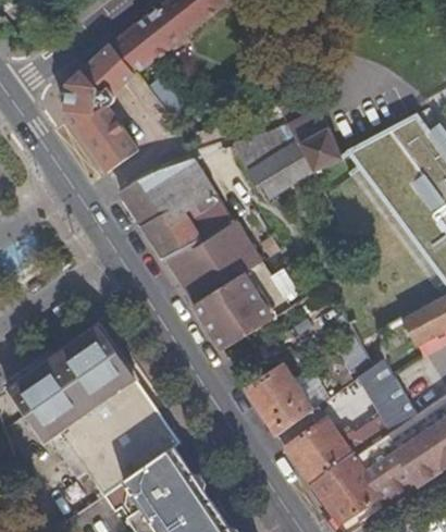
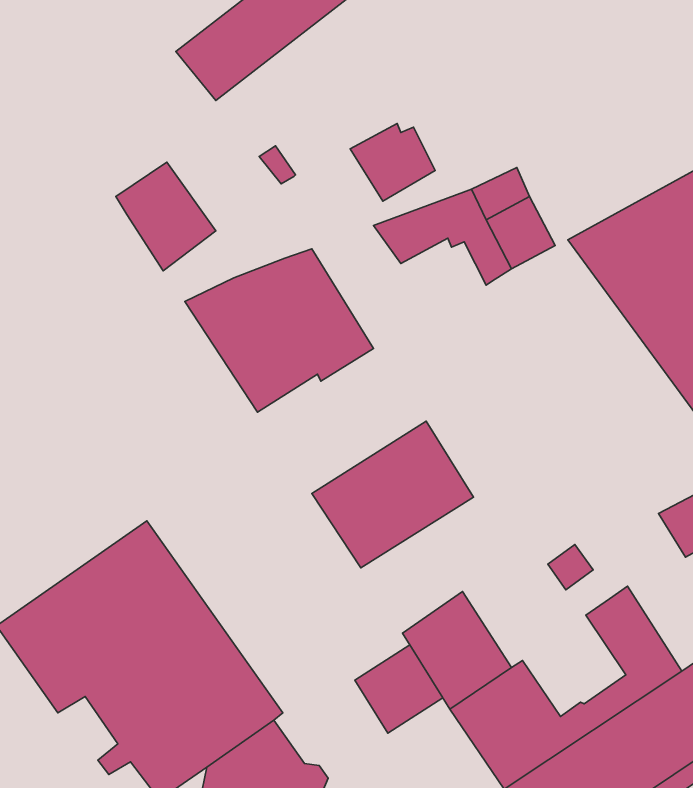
building: [61,41,136,128] -> none
building: [247,153,298,200] -> [350,123,435,201]
building: [161,218,262,307] -> none
building: none -> [355,645,443,733]

